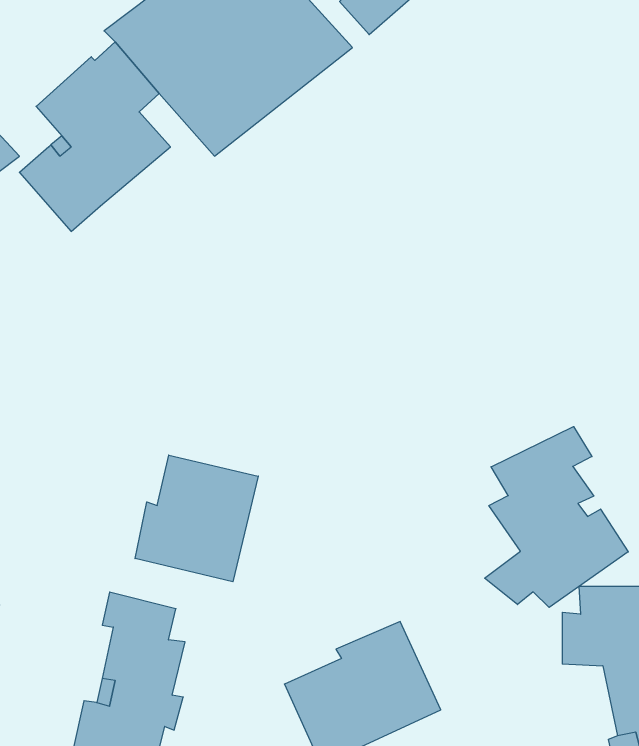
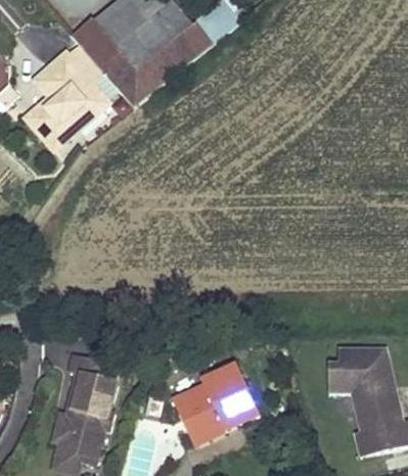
building: [485,427,628,607] -> none
building: [135,455,258,582] -> none

